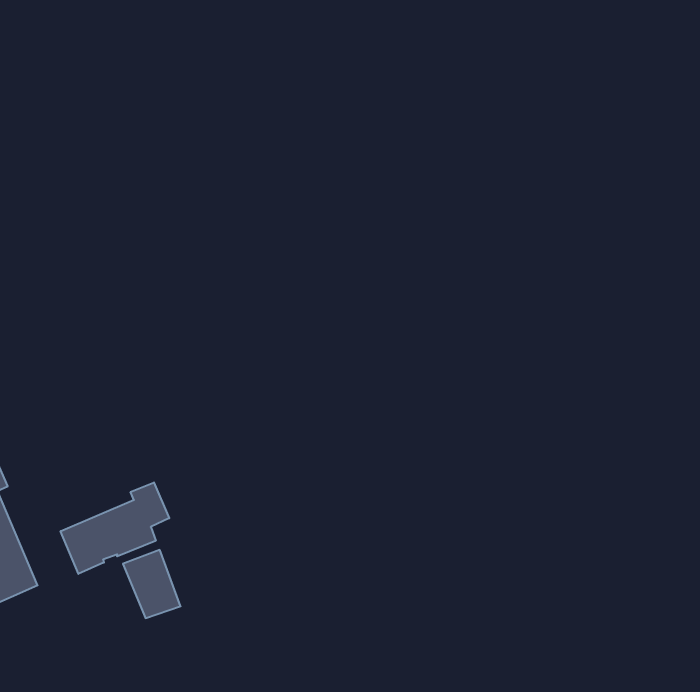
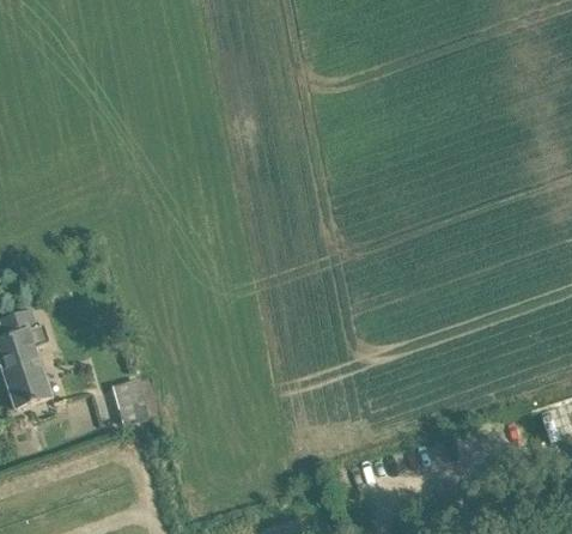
building: [61,482,169,574] -> none

